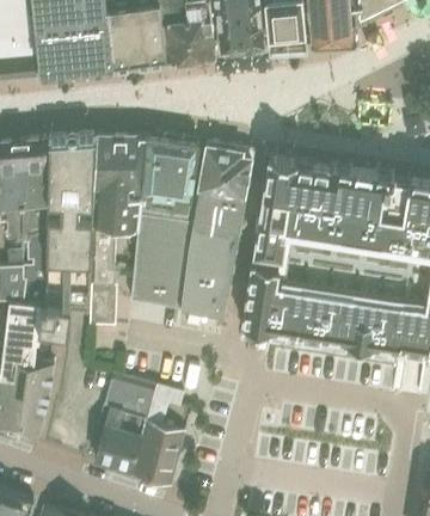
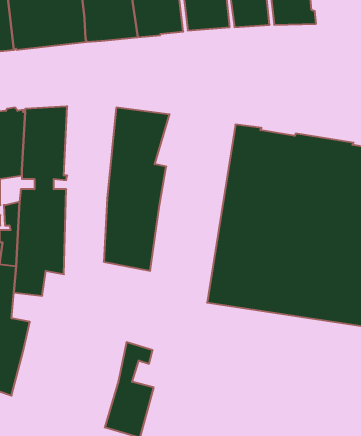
building: [79,134,145,328] -> none
building: [180,147,252,318] -> none
building: [96,375,154,472] -> none

